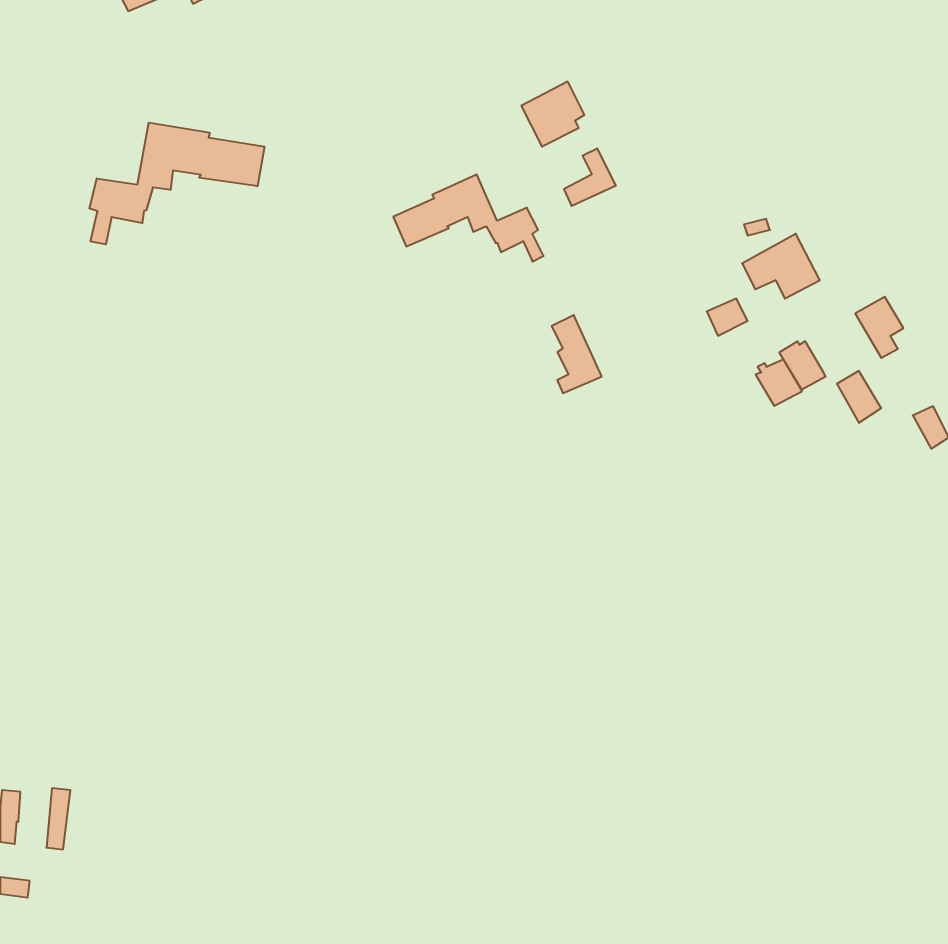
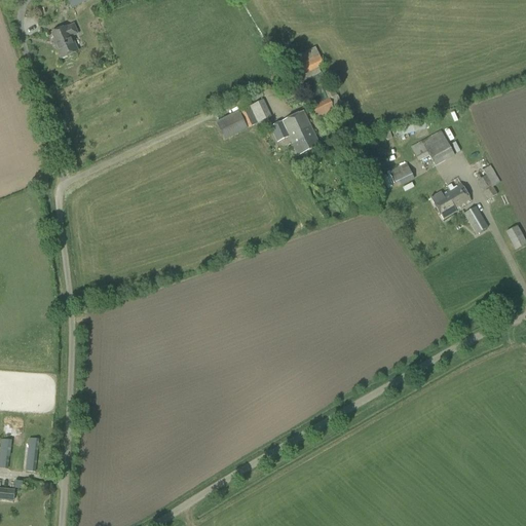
building: none -> [51,23,77,57]
building: [90,123,265,244] -> none
building: [552,315,602,393] -> [292,109,320,152]
building: [756,360,802,406] -> [446,181,472,206]

